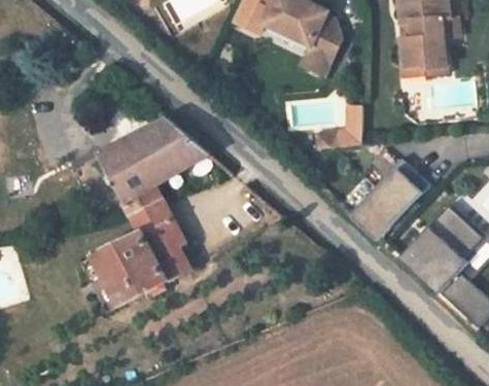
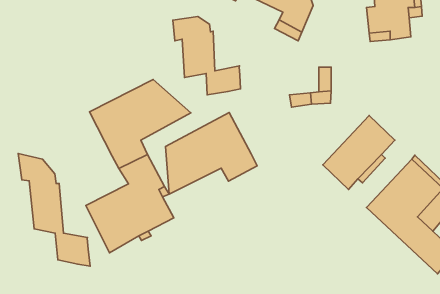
building: none -> [173,16,241,95]
building: none -> [165,113,257,194]
building: none -> [18,153,90,266]

